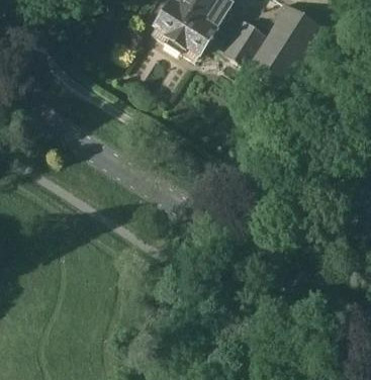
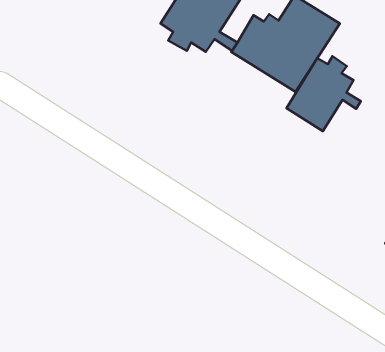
building: none -> [286,56,361,131]

